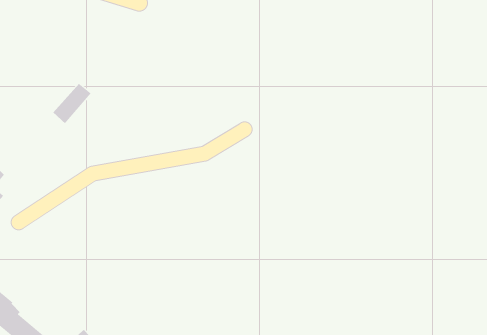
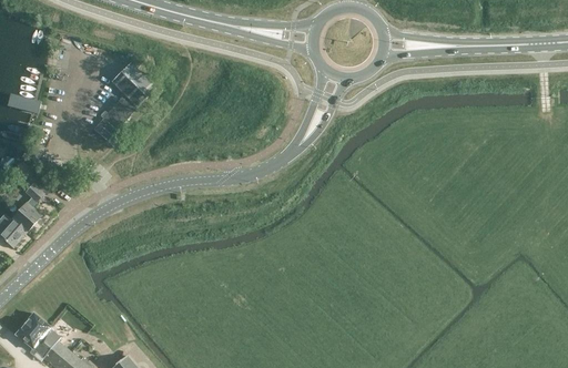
building: none -> [110,61,155,106]

